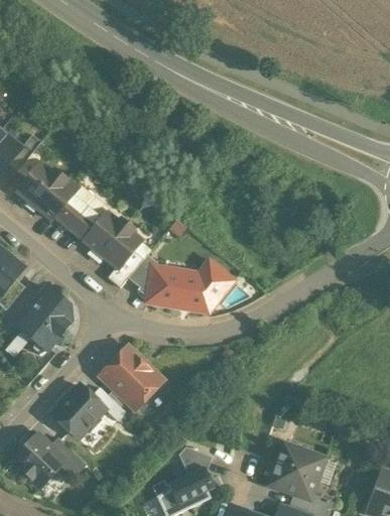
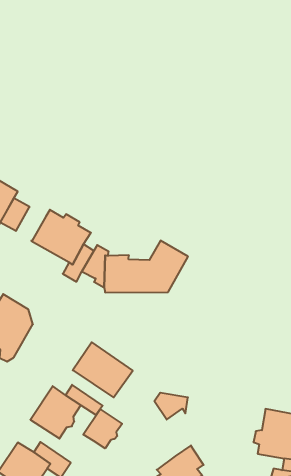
building: [71,207,102,240] -> none
building: none -> [83,409,122,448]
building: [179,446,213,474] -> [154,393,188,420]

